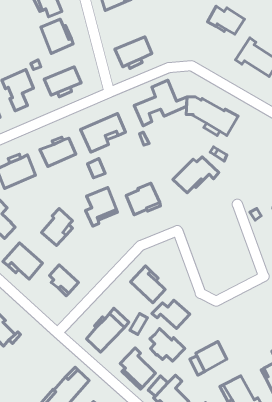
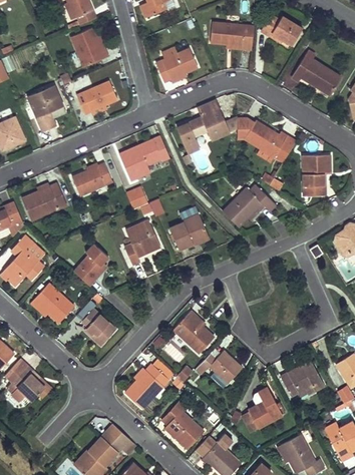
building: none -> [211,23,255,51]
building: none -> [303,153,330,195]
building: none -> [281,361,324,395]
building: [150,328,185,361] -> none

